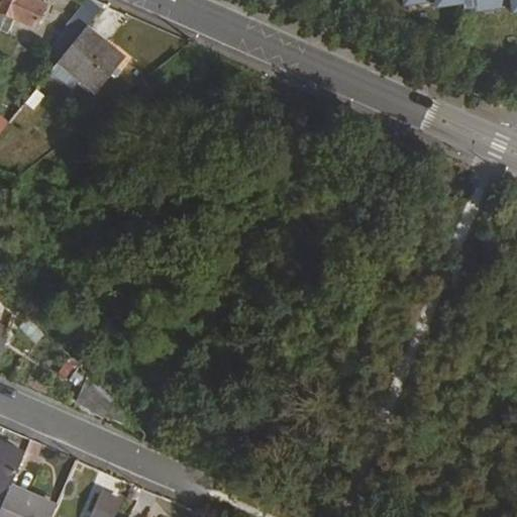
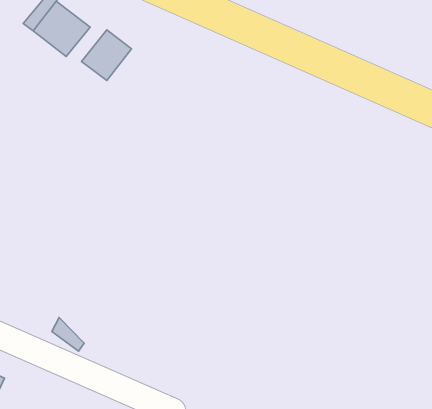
building: none -> [81,30,132,81]

